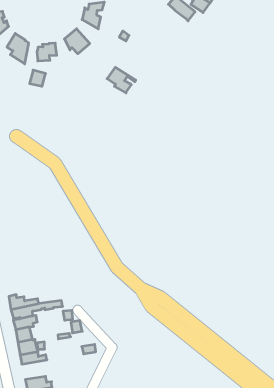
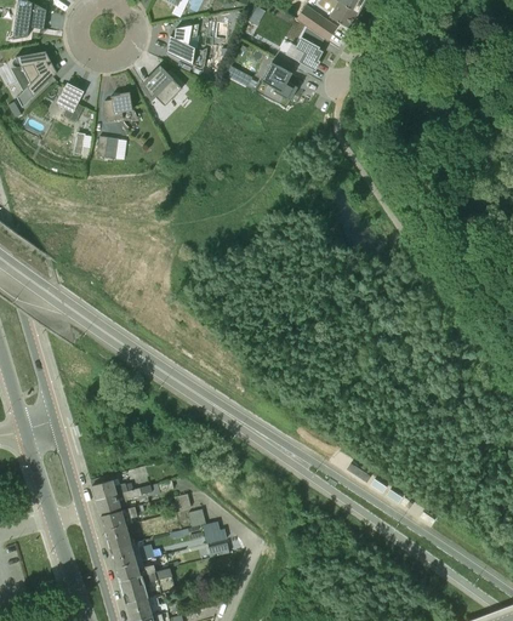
building: none -> [290,28,323,70]
building: [107,67,136,93] -> [260,63,303,101]
building: none -> [118,568,171,604]

